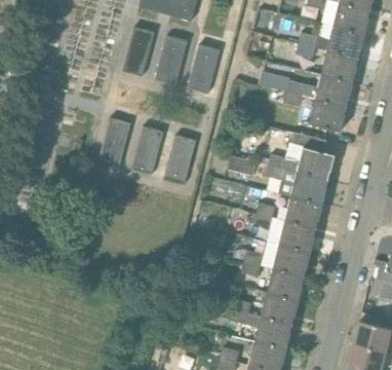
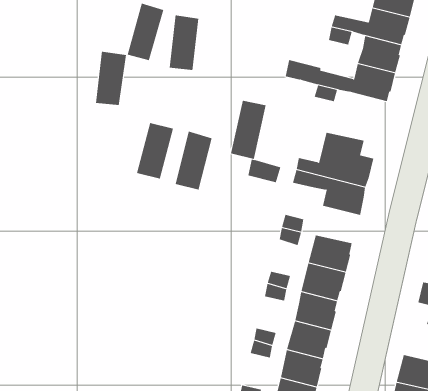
building: [190,41,221,91] -> [230,100,266,159]
building: [308,99,346,132] -> none
building: [103,116,129,162] -> [95,51,127,105]
building: [284,195,323,227] -> none

